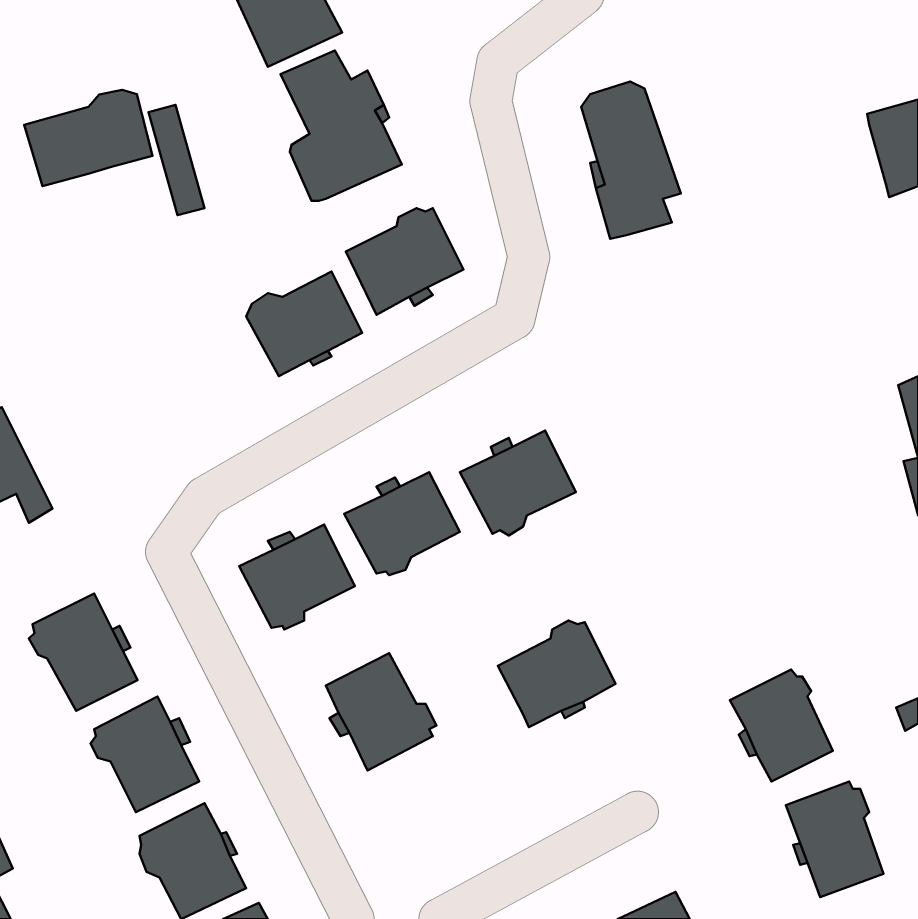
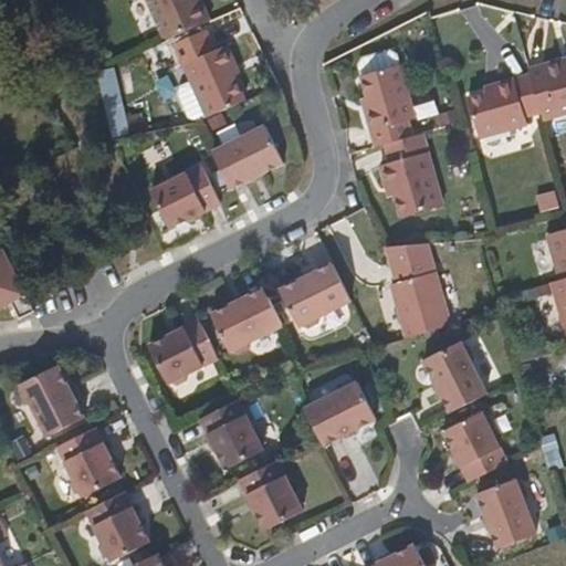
building: [24,90,152,186] -> none
building: none -> [467,76,541,139]
building: none -> [378,133,442,218]
building: none -> [385,241,451,337]
building: none -> [423,338,488,410]
building: none -> [239,458,305,530]

